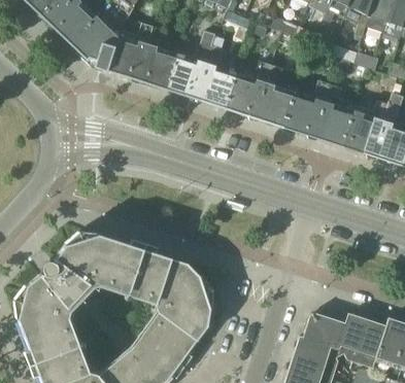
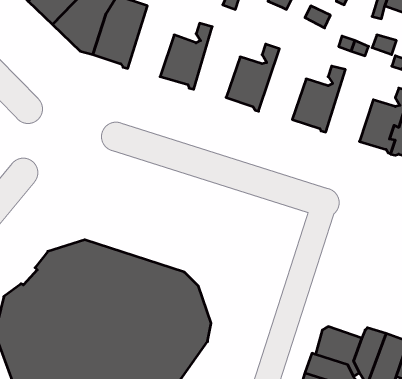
building: [137,27,178,90] -> none
building: [196,37,237,108] -> none
building: [254,65,296,128] -> none
building: [313,83,356,147] -> none

